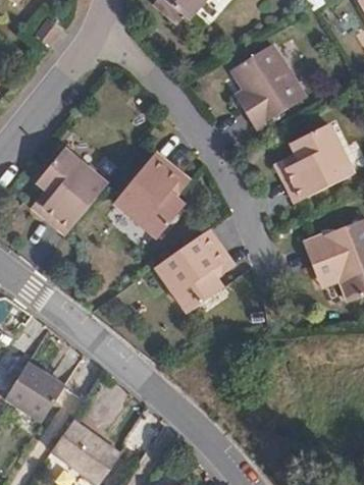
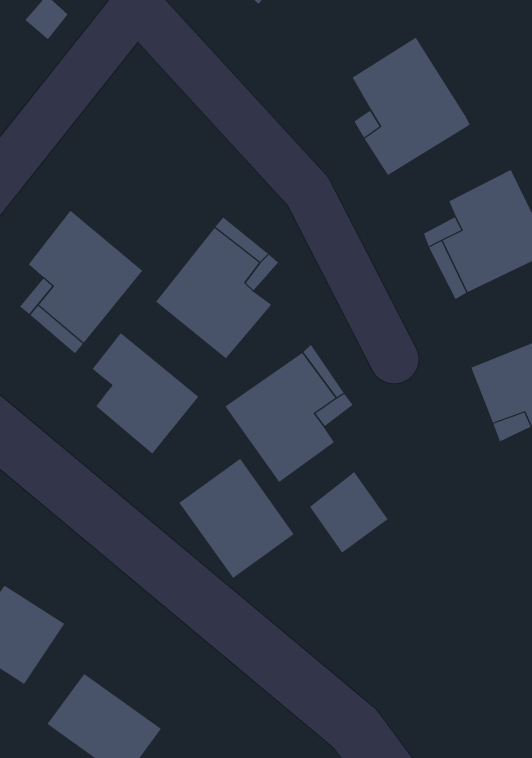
building: none -> [92,332,199,455]
building: none -> [179,458,294,579]
building: none -> [309,471,389,554]

